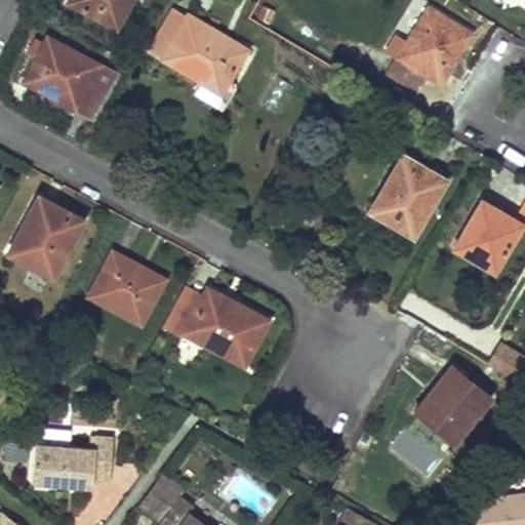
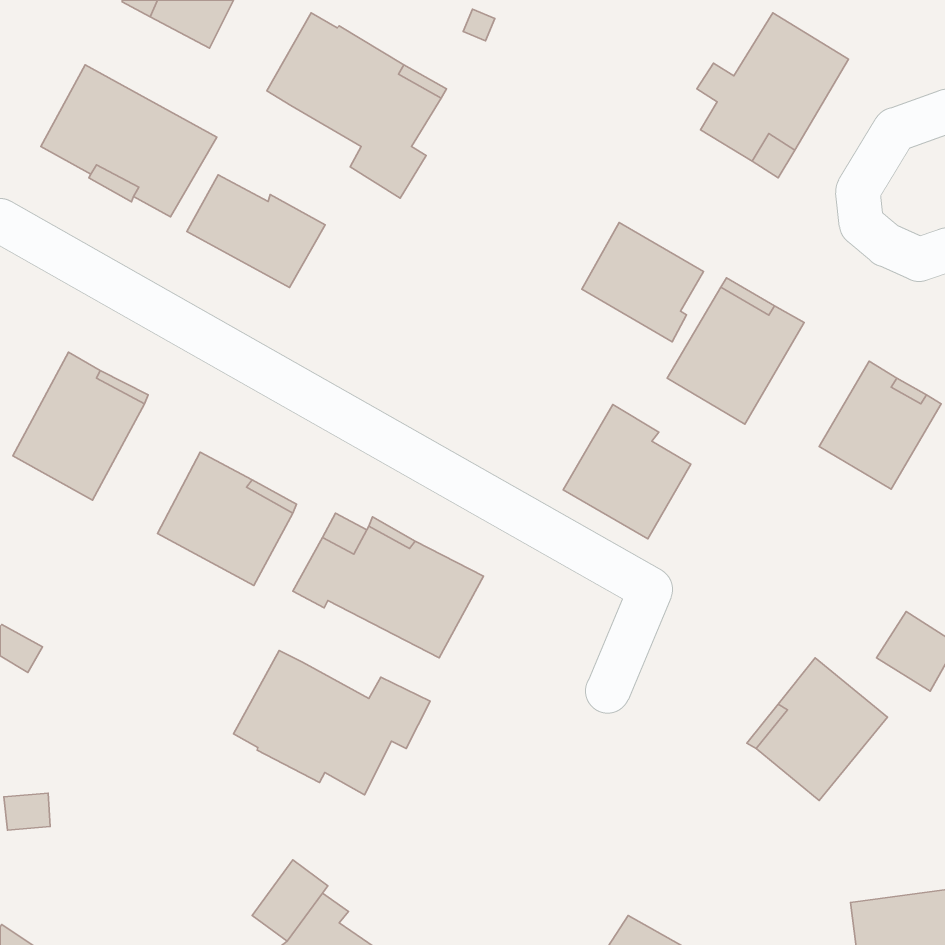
building: none -> [187,175,325,288]
building: none -> [582,222,703,342]
building: none -> [563,404,691,539]
building: none -> [234,650,430,795]
building: [33,435,114,489] -> none

